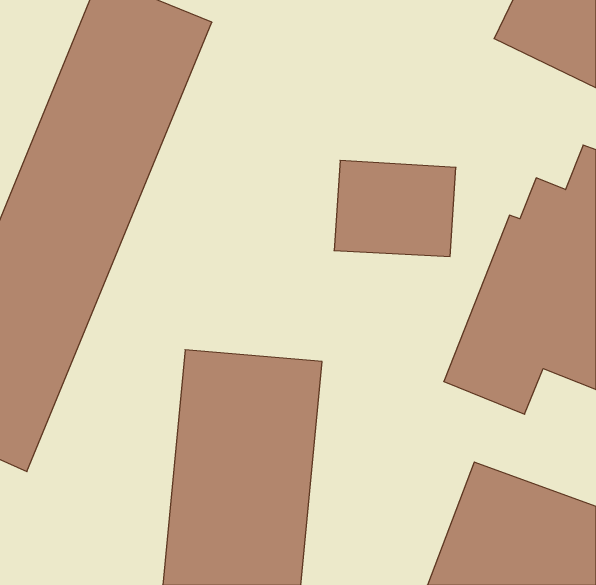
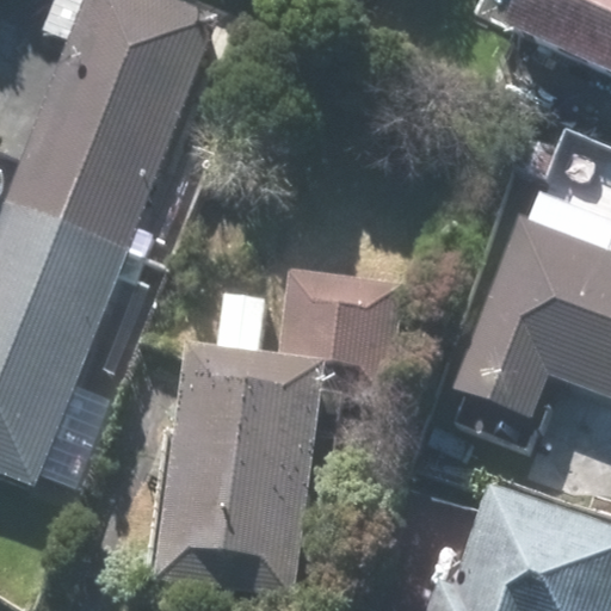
building: [334,160,456,256] -> [277,271,401,369]

